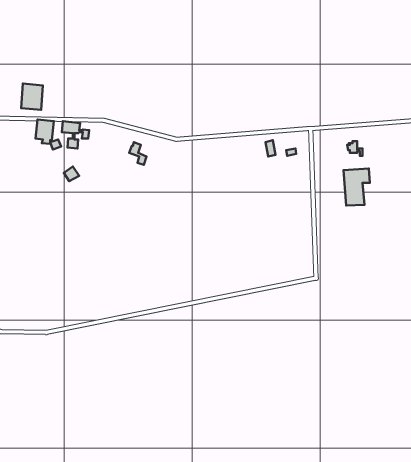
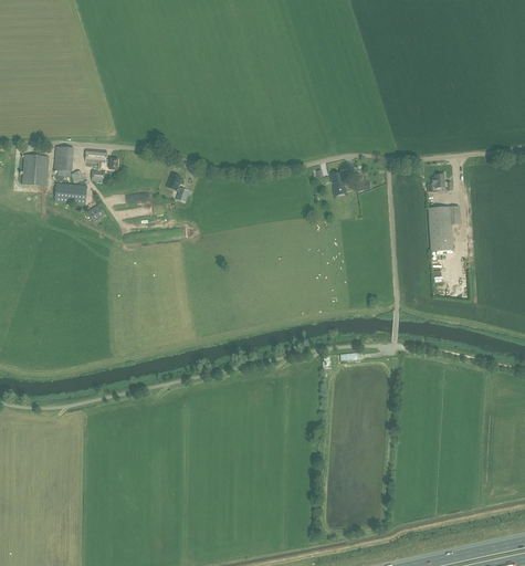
building: [21,84,43,110] -> [21,154,48,186]
building: none -> [55,182,86,205]

